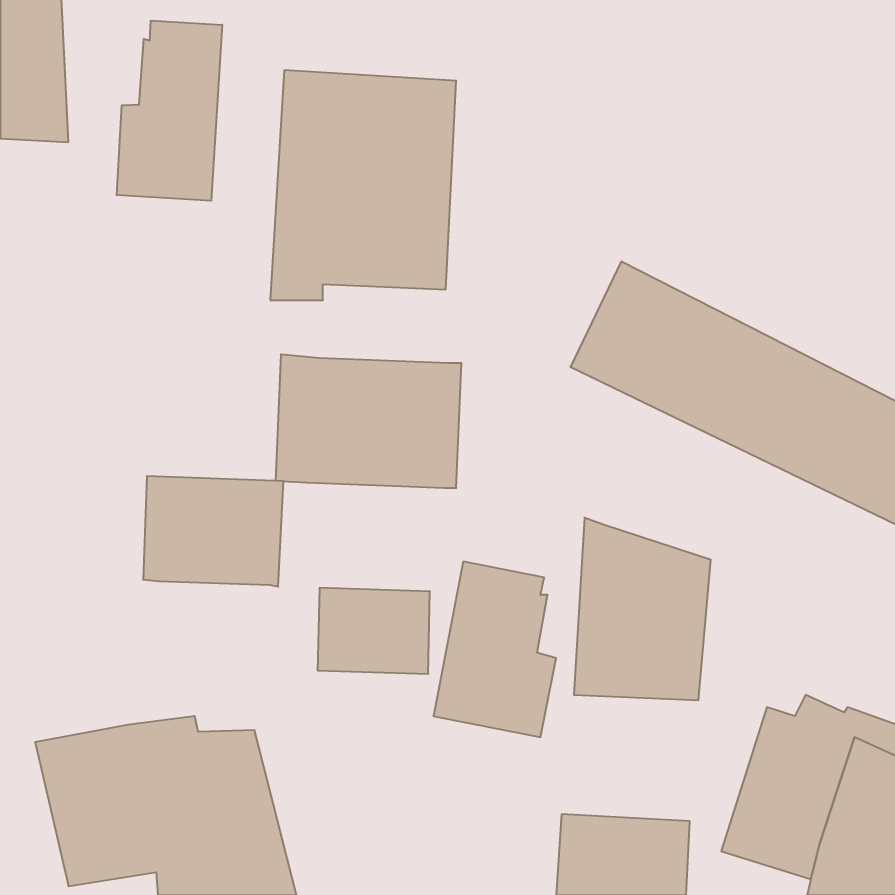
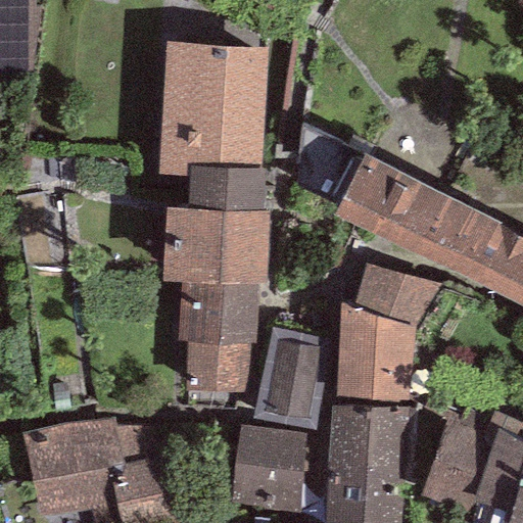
building: [117,21,222,201] -> none
building: none -> [187,165,266,211]
building: none -> [352,263,439,326]
building: [143,476,284,587] -> [178,281,259,345]
building: none -> [328,405,417,478]
building: none -> [230,424,306,512]

